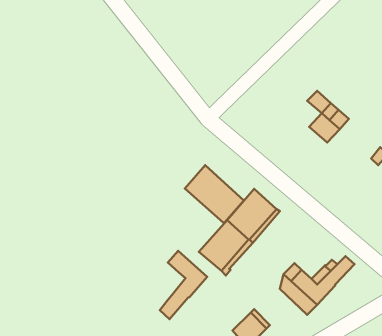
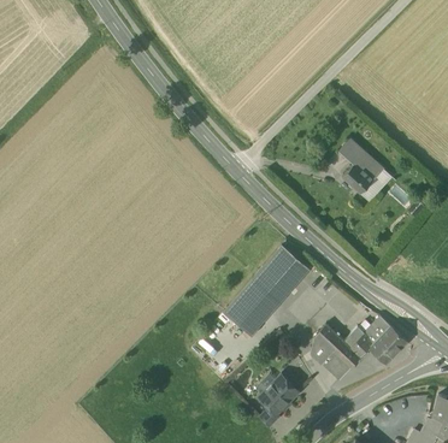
building: [185,165,244,223] -> none
building: [160,251,207,319] -> none
building: none -> [369,325,407,364]

